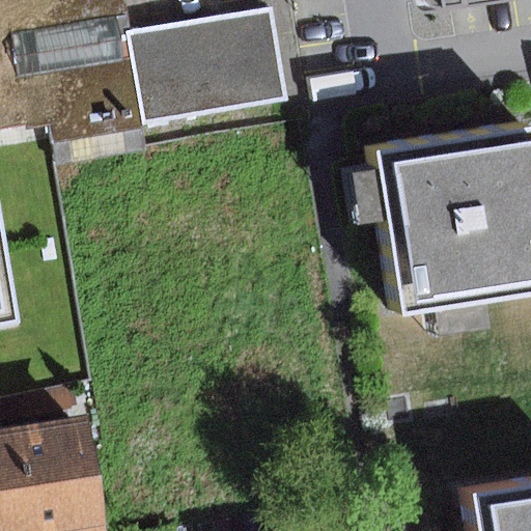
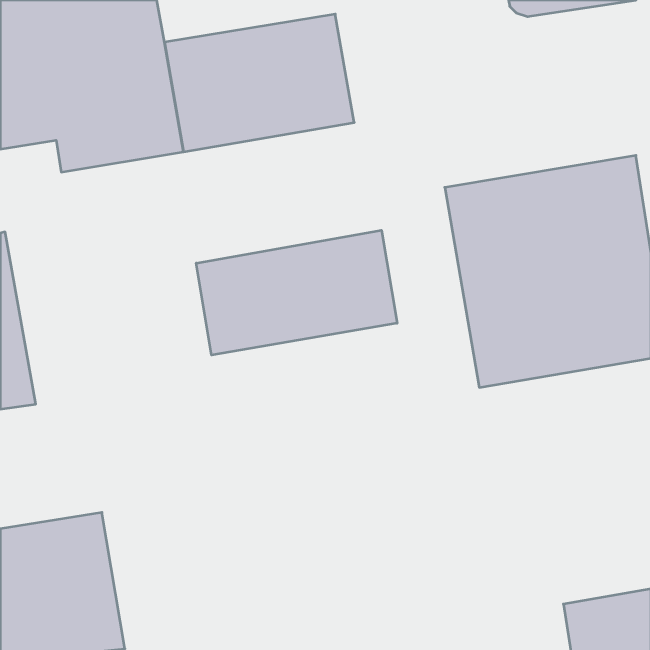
building: none -> [196,230,397,355]

